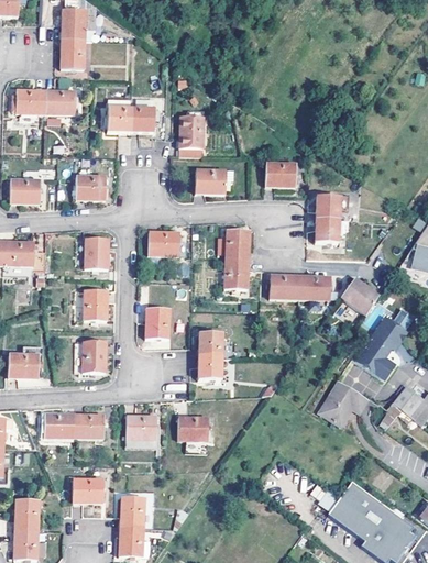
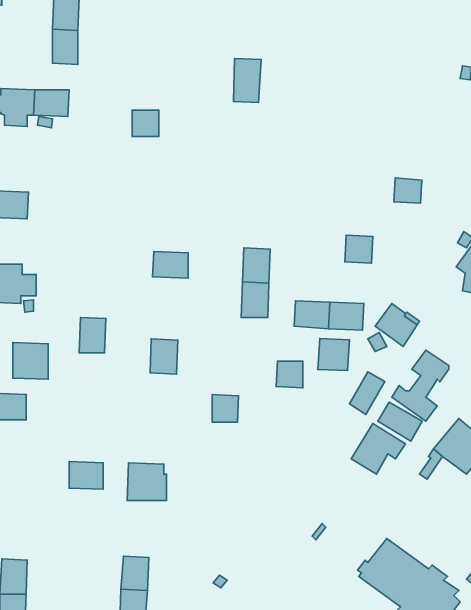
building: [107,97,131,131] -> none
building: [178,115,202,154] -> [233,58,261,103]
building: [264,161,296,185] -> none
building: [195,168,232,191] -> none
building: [75,175,106,198] -> none
building: [316,196,340,218] -> [394,178,422,203]
building: [85,238,108,267] -> none
building: none -> [318,339,350,371]
building: [199,333,222,356] -> [276,361,303,388]
building: none -> [349,372,385,415]
building: [75,340,106,372] -> [13,343,48,379]
building: [45,413,75,437] -> none
building: [178,417,208,440] -> none
building: [73,478,103,501] -> none

